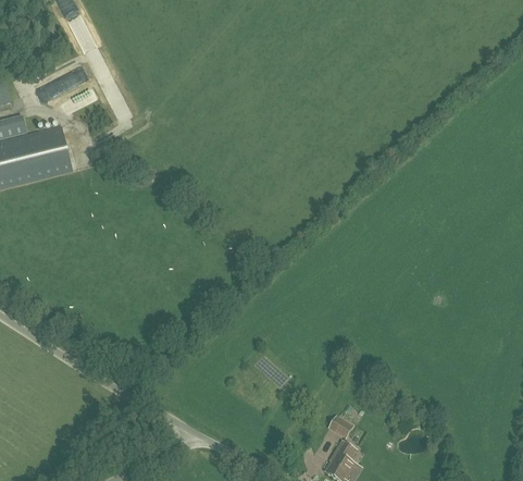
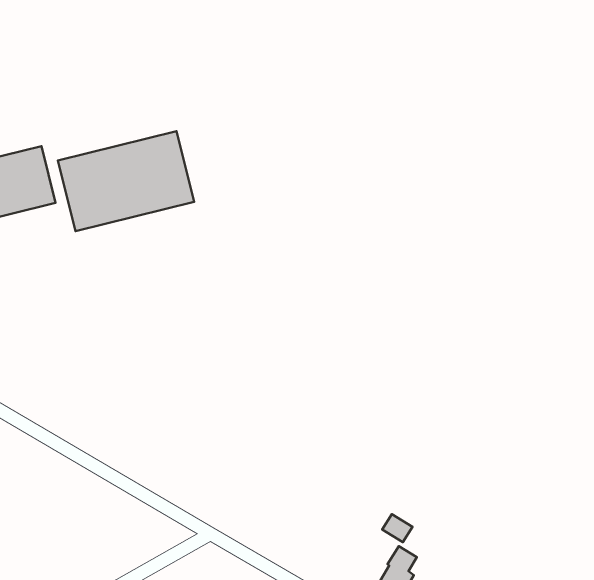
building: none -> [58,131,194,231]

